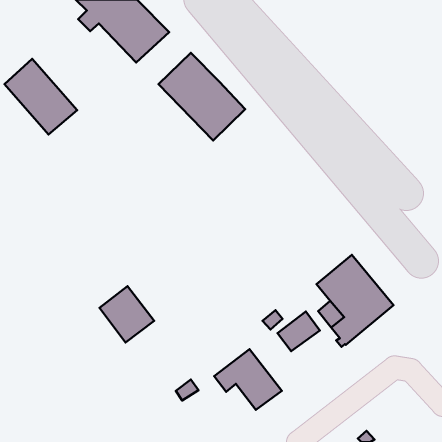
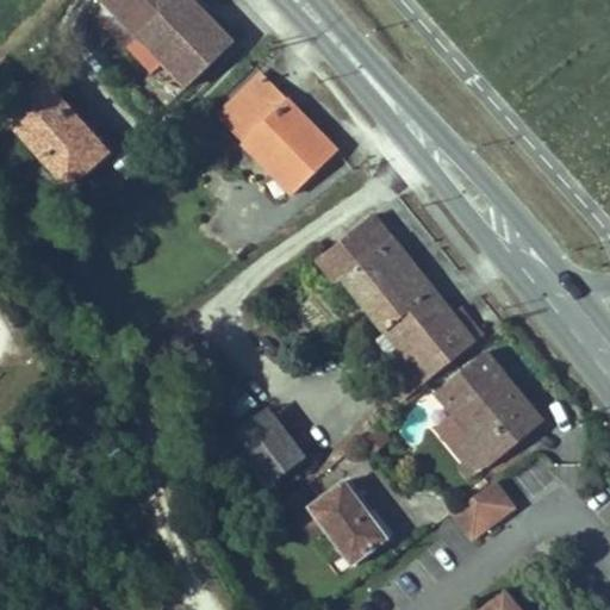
building: none -> [318,214,475,399]
building: [100,286,154,342] -> [231,407,306,485]
building: [277,311,320,351] -> [455,481,513,536]

